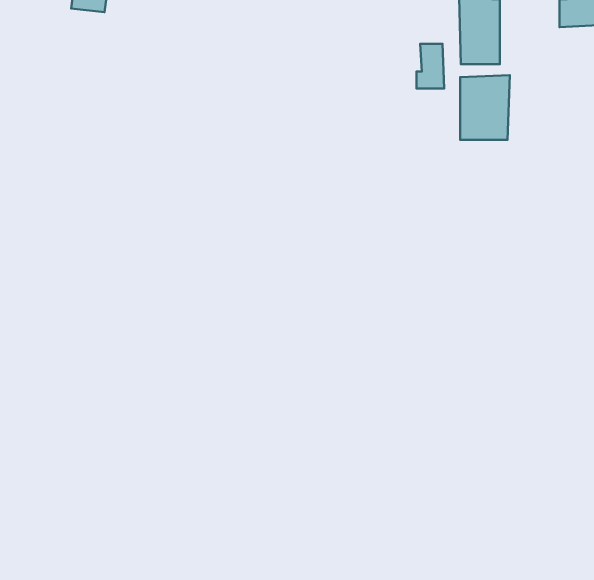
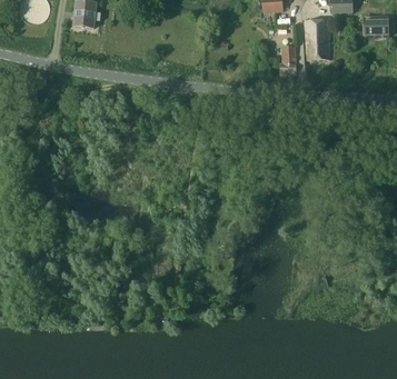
building: [460,75,510,140] -> none

